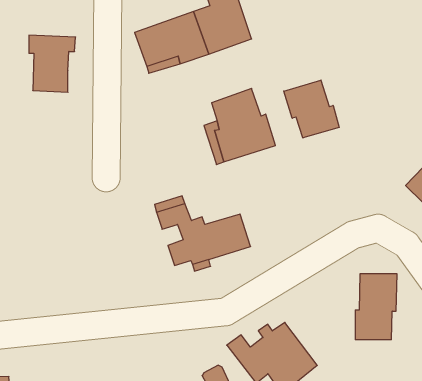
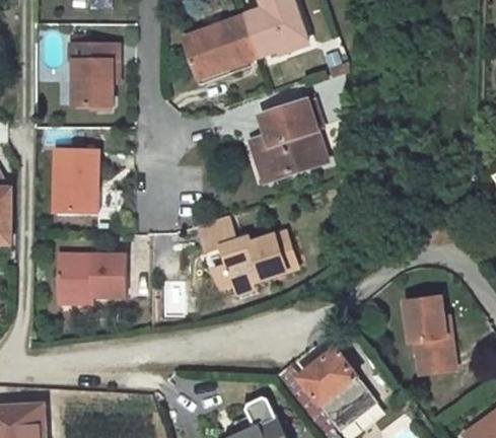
building: [284,80,339,138] -> none
building: none -> [50,150,94,211]
building: none -> [57,254,125,304]

